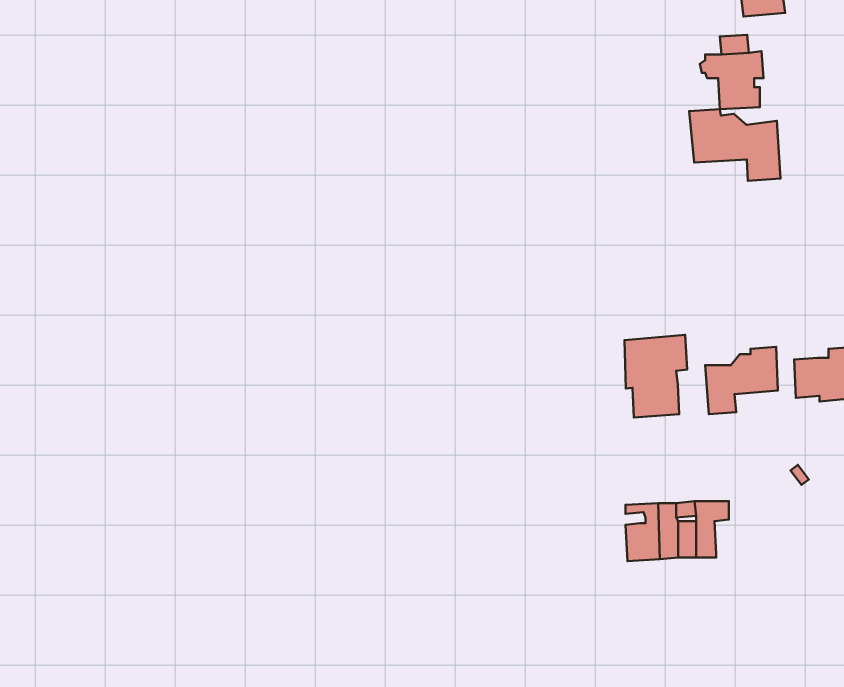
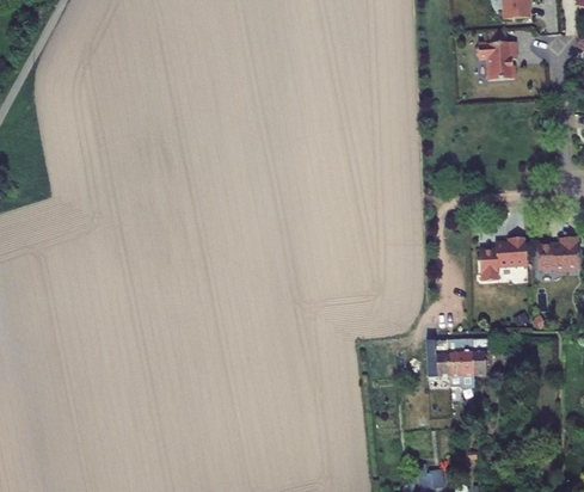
building: [689,109,781,181] -> none
building: [625,335,687,418] -> none

